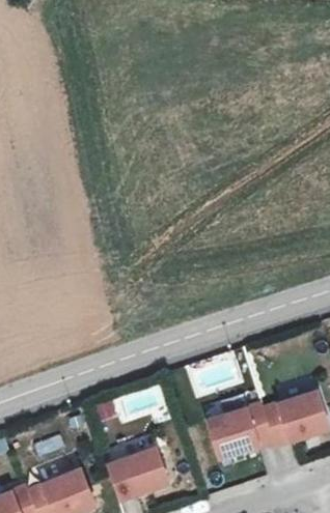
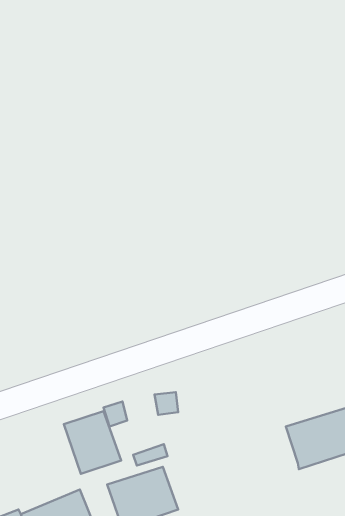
building: none -> [64,411,121,474]
building: [207,406,273,460] -> none

